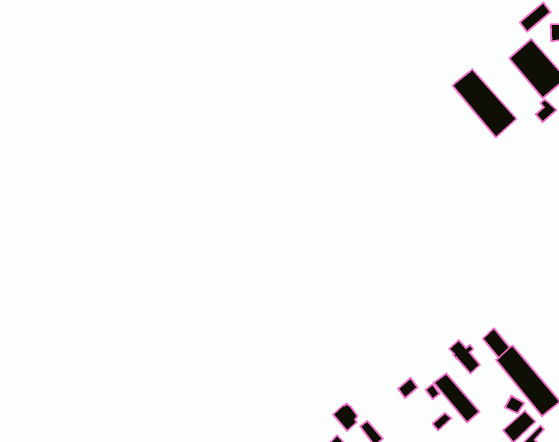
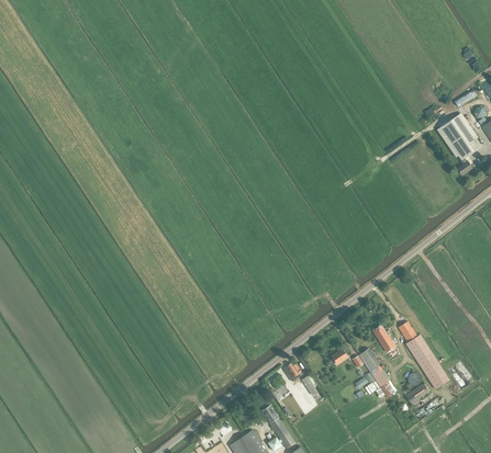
building: [453,69,516,137] -> none

